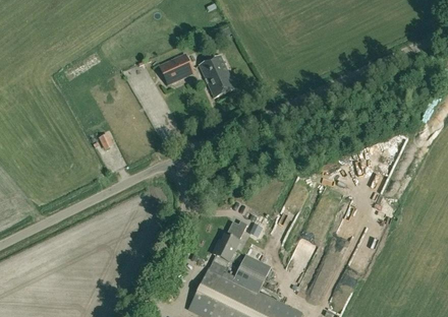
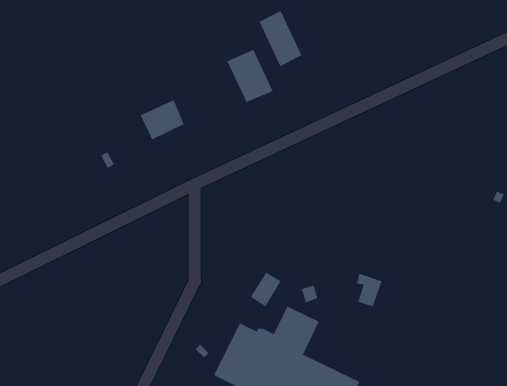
building: none -> [259,10,302,67]
building: [159,53,193,84] -> [140,99,185,140]

